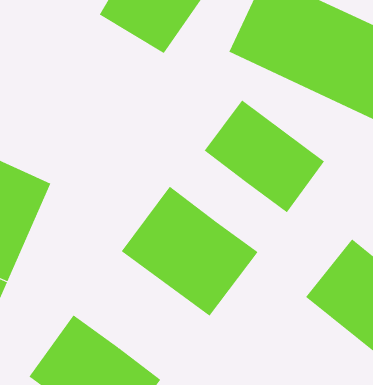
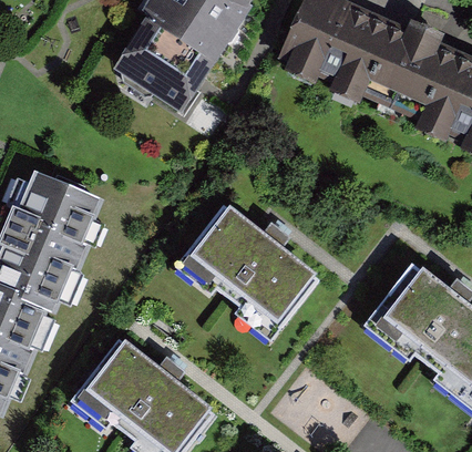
building: none -> [119,19,217,109]
building: [204,100,325,213] -> none

